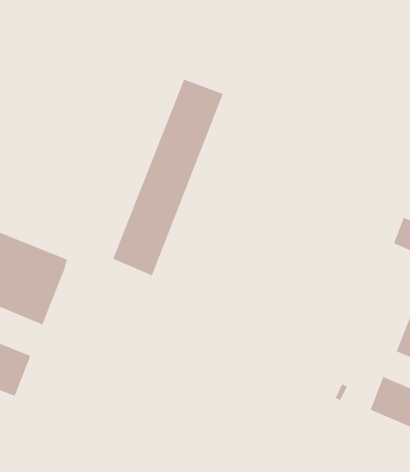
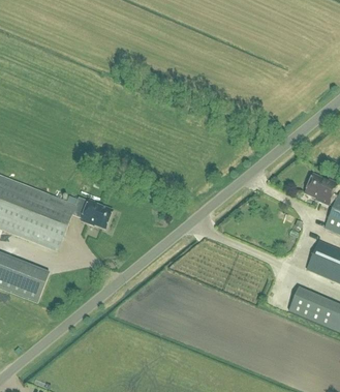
building: [112,79,223,276] -> none
building: none -> [71,195,111,228]

